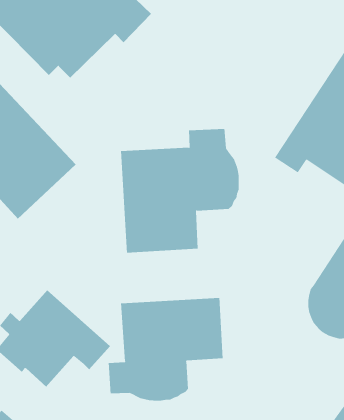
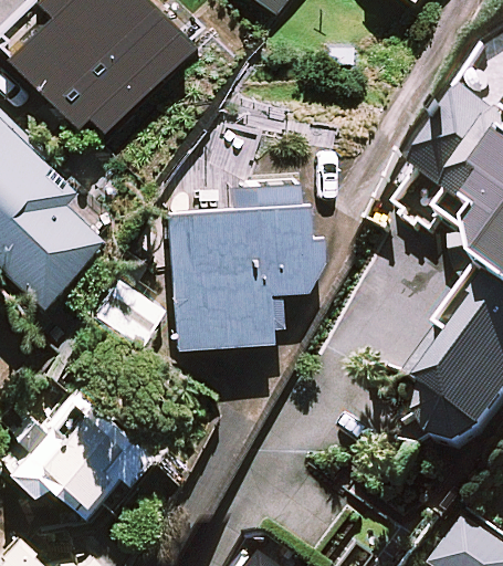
building: [108,297,223,401] -> none

